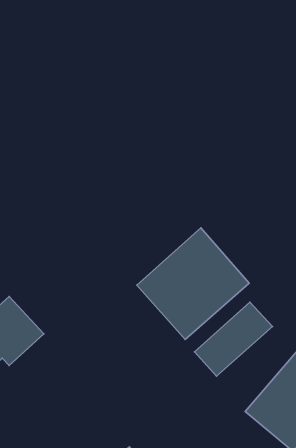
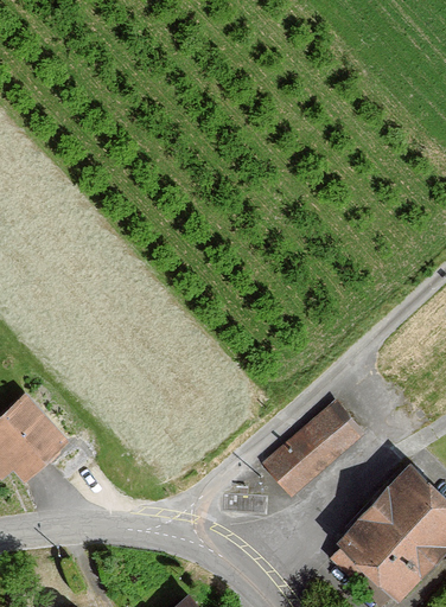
building: [137,228,249,339] -> none

